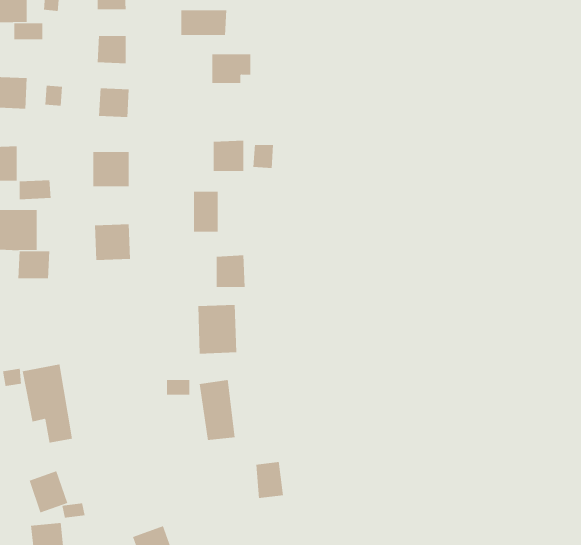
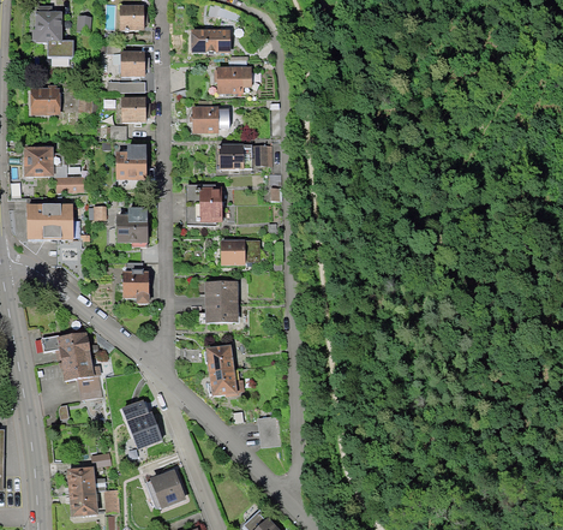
building: none -> [192,106,217,132]
building: none -> [121,270,150,303]
building: [29,471,68,513] -> [130,411,163,447]

